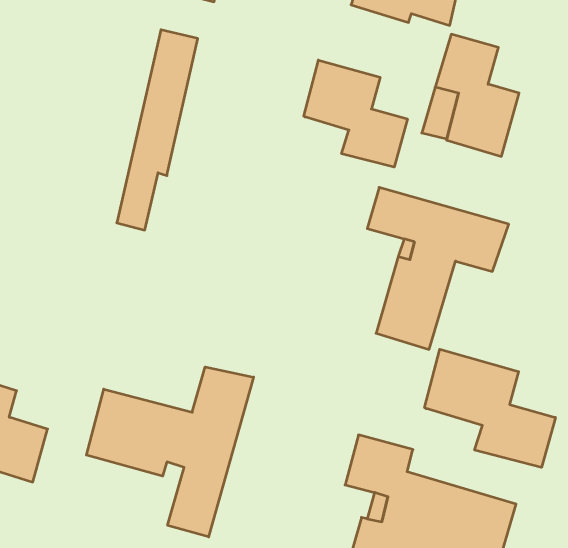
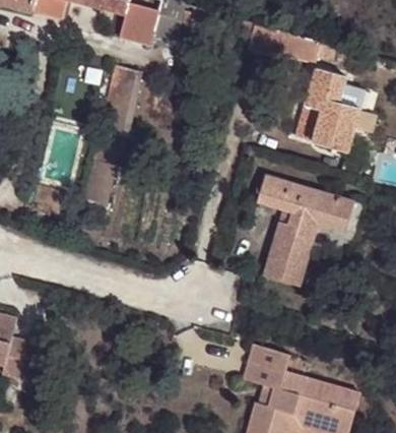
building: [304,60,407,167] -> none
building: [425,349,555,467] -> none
building: [86,367,254,537] -> none

